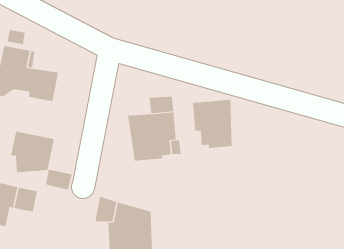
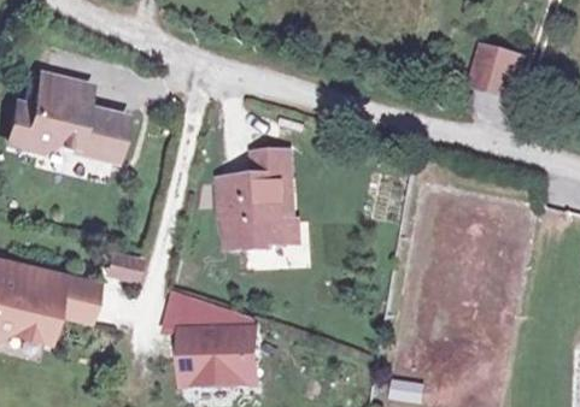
building: none -> [465,55,514,104]
building: [192,99,232,149] -> none
building: [11,131,54,173] -> none

